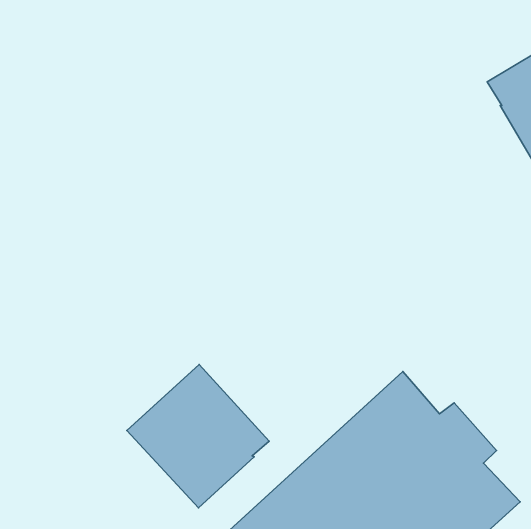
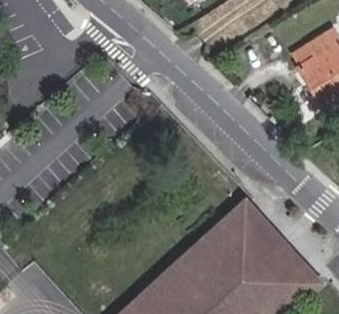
building: [127,365,269,508] -> none

